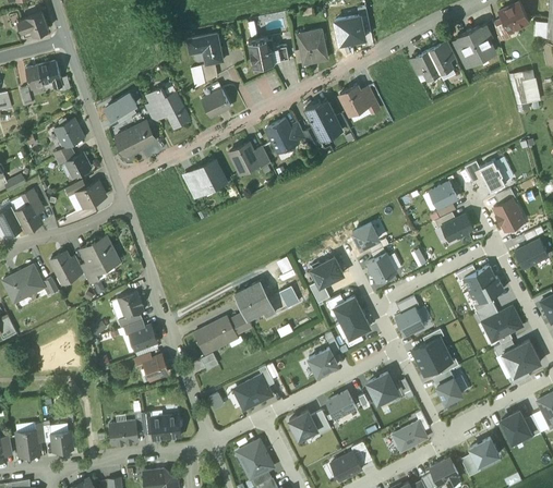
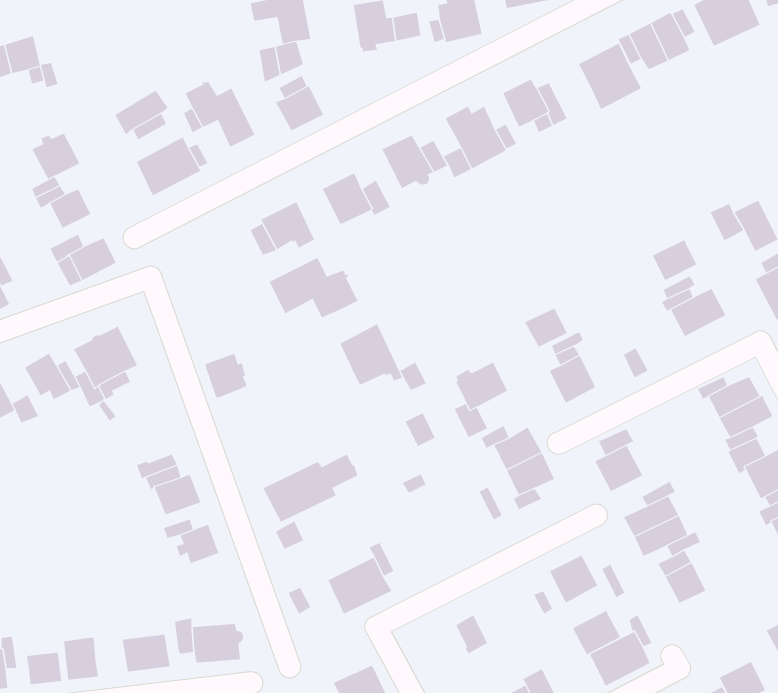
building: none -> [578,43,642,110]
building: none -> [269,257,358,318]
building: [236,282,274,319] -> [340,324,403,385]
building: [117,291,143,318] -> [204,353,247,398]
building: [308,349,337,376] -> none
building: [325,390,354,417] -> [572,610,621,655]
building: [288,411,316,442] -> none
building: none -> [63,637,98,681]

